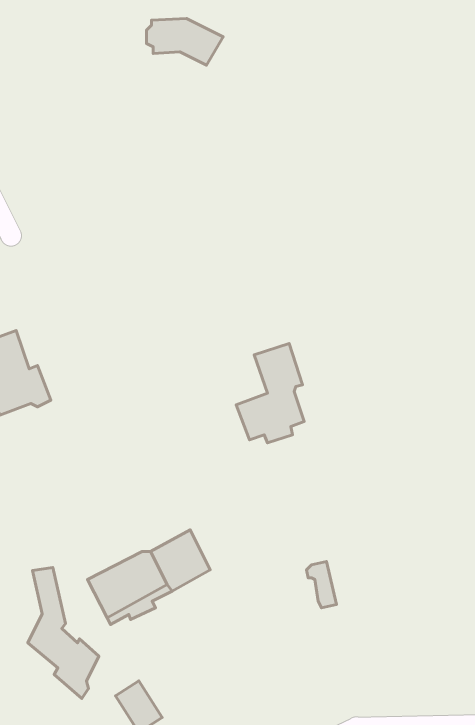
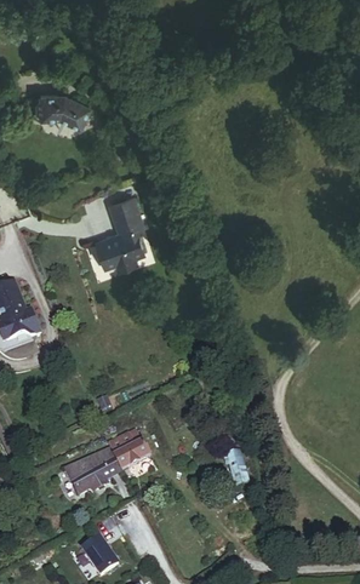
building: [147,19,223,65] -> [34,93,90,127]
building: [236,343,304,443] -> [93,196,143,269]
building: [28,568,99,698] -> none

